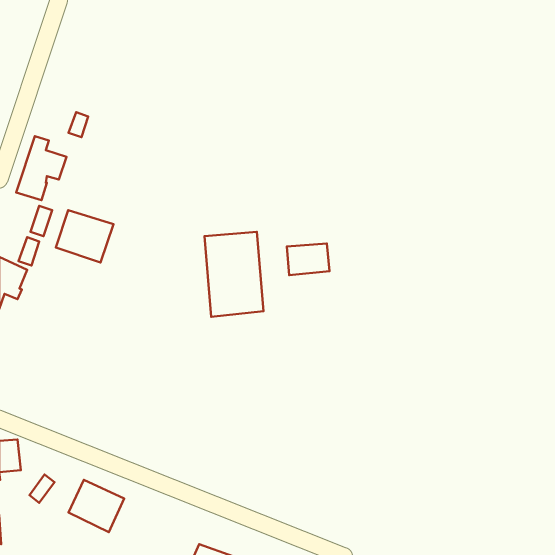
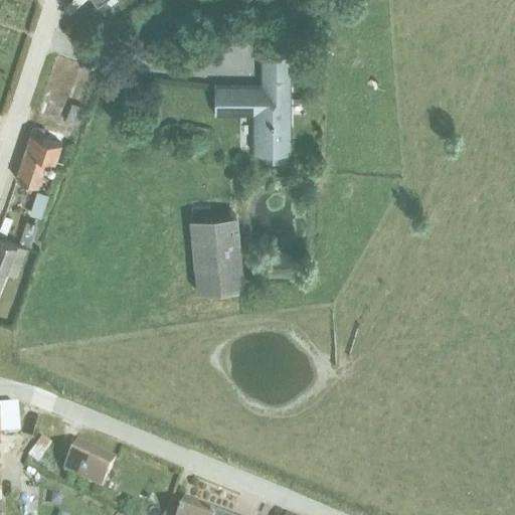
building: none -> [213,53,290,163]
building: [56,210,113,262] -> none
building: [287,243,329,275] -> none

